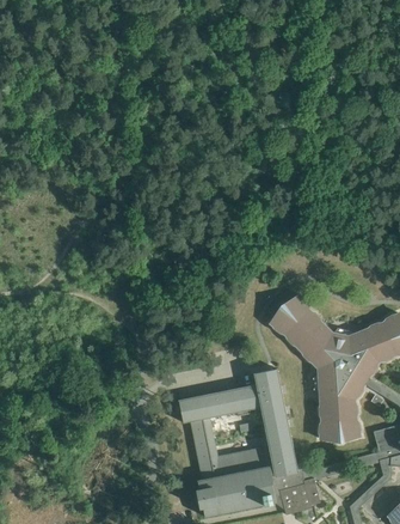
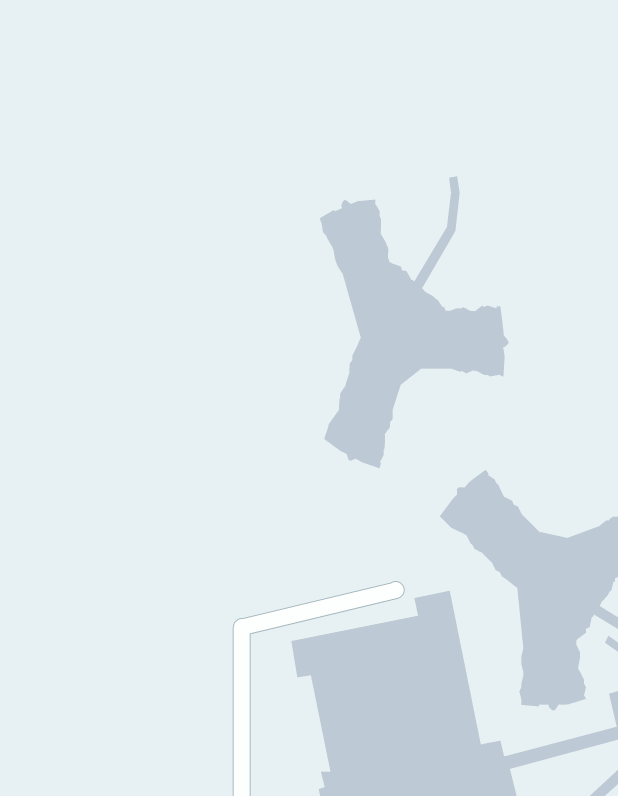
building: none -> [319,175,509,469]

